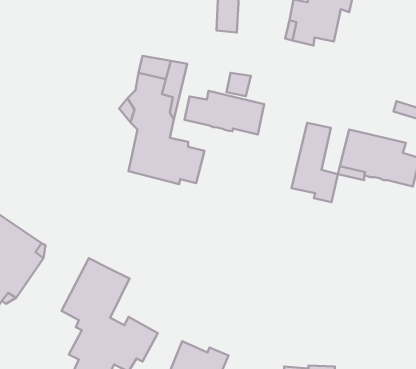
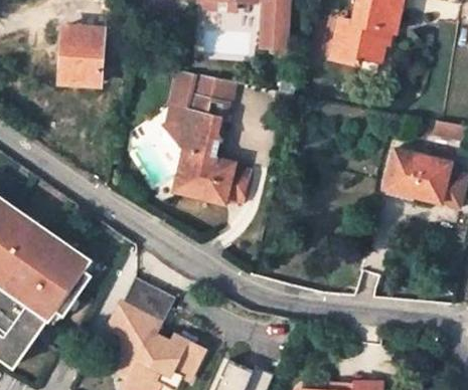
building: none -> [58,25,103,82]
building: [185,91,264,134] -> none
building: [292,123,338,202] -> none

